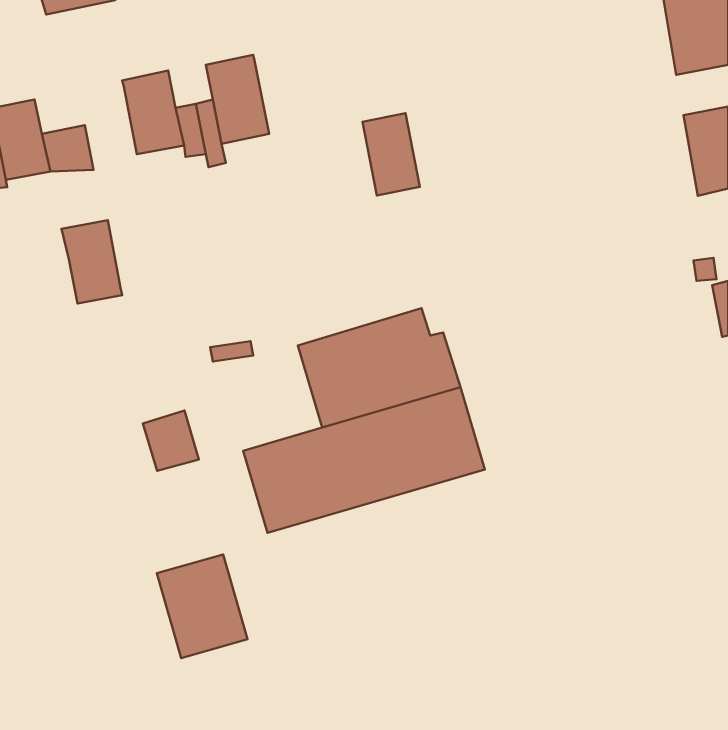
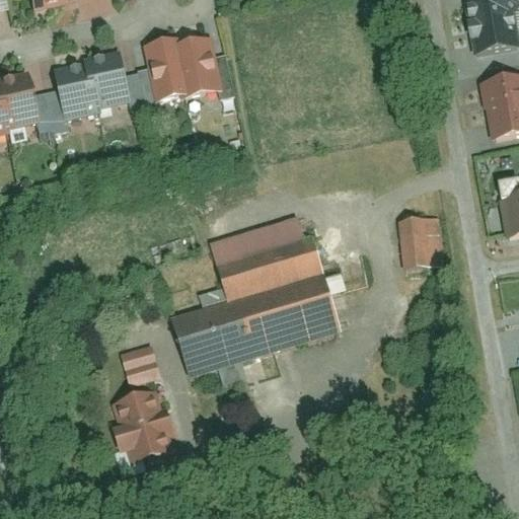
building: [362,113,420,195] -> [179,36,220,94]
building: [62,220,122,304] -> [55,61,97,120]
building: none -> [399,217,443,269]
building: [143,410,199,471] -> [122,344,161,386]

